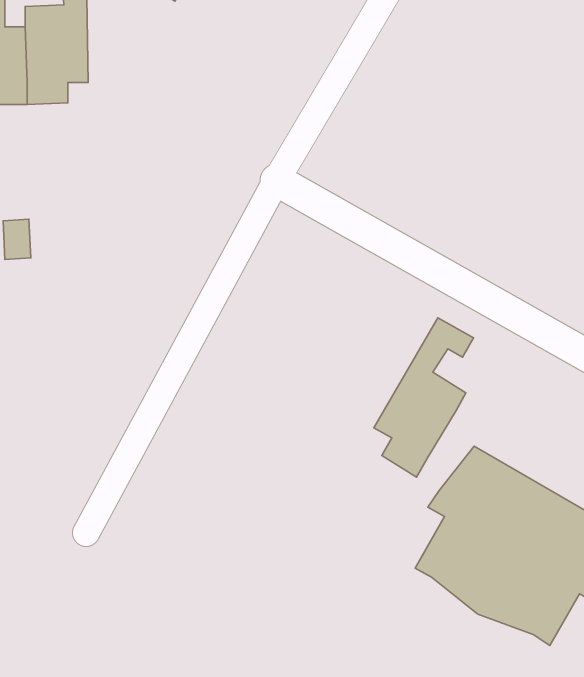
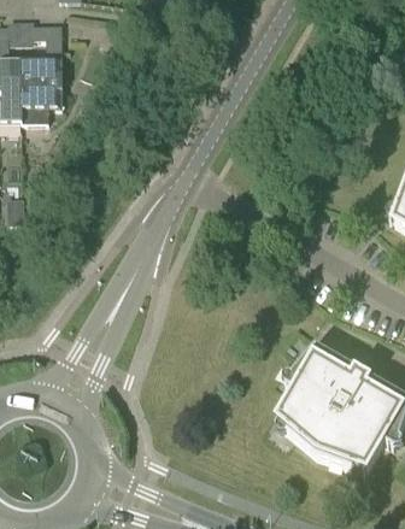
building: [374,318,473,477] -> none

